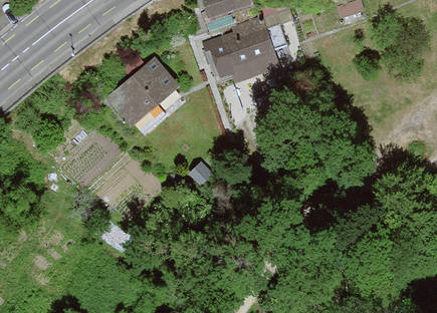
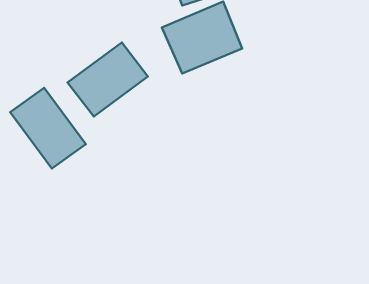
building: none -> [10,88,86,168]

